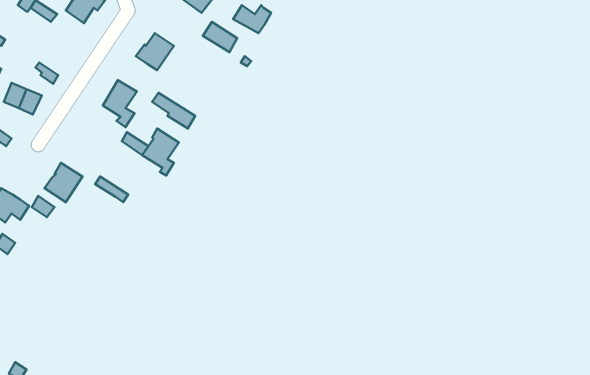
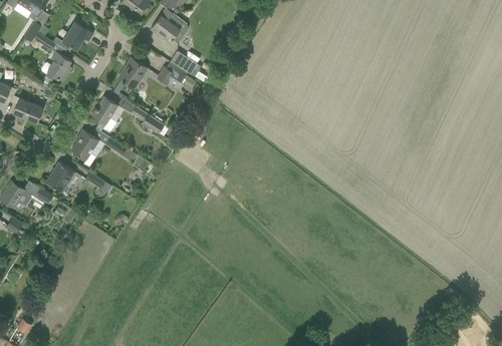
building: [233,5,271,33] -> [157,67,187,89]
building: none -> [41,52,71,81]
building: [142,129,179,176] -> [70,129,99,166]

